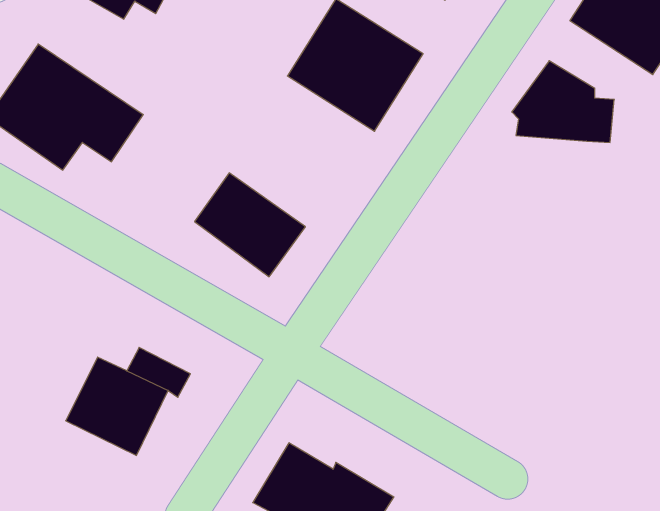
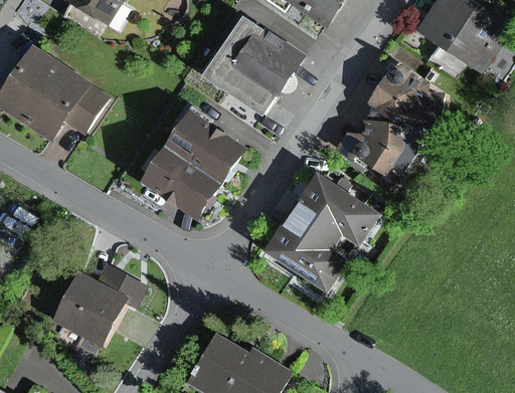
building: none -> [169,107,251,181]
building: none -> [343,115,428,181]
building: none -> [264,178,369,287]

